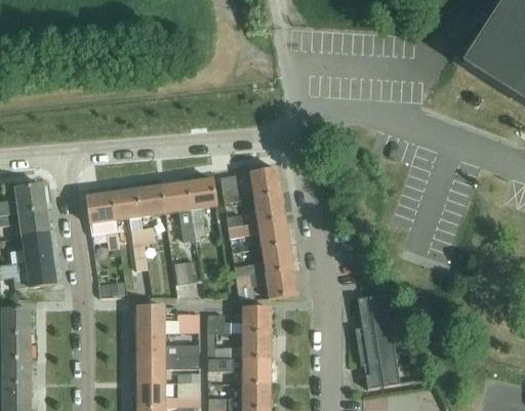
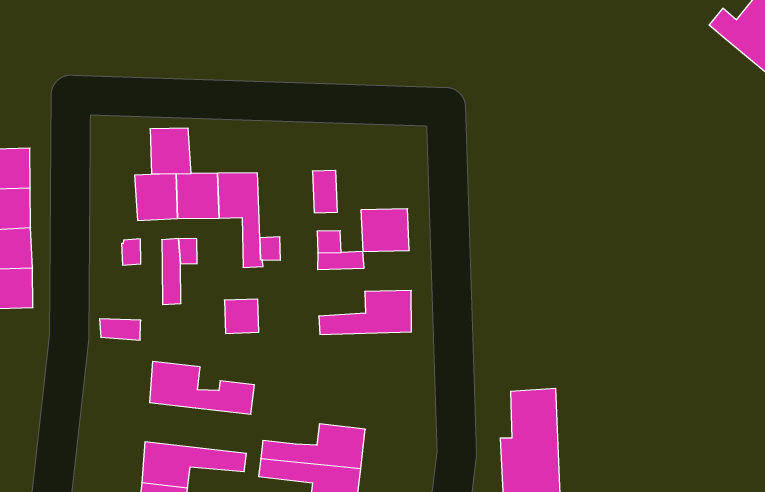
building: [249,169,281,198] -> none
building: [186,179,216,210] -> none
building: [86,193,115,223] -> [150,128,191,174]
building: [256,219,289,248] -> none
building: [236,270,296,299] -> none
building: [208,307,271,334] -> none
building: [135,332,199,357] -> none

